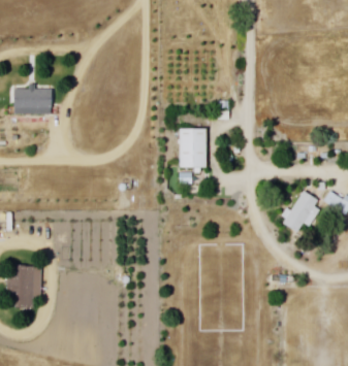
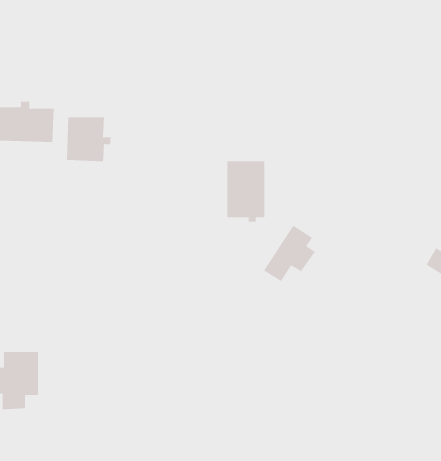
building: none -> [67,116,111,162]
building: [282,192,320,233] -> [263,225,316,282]

